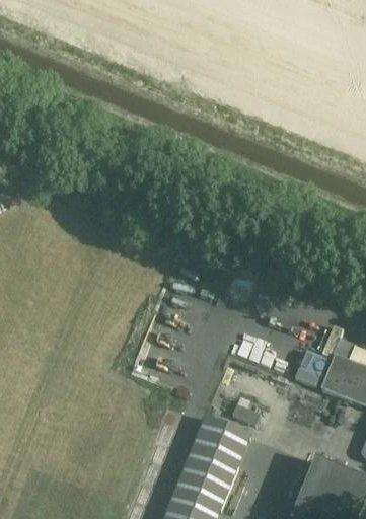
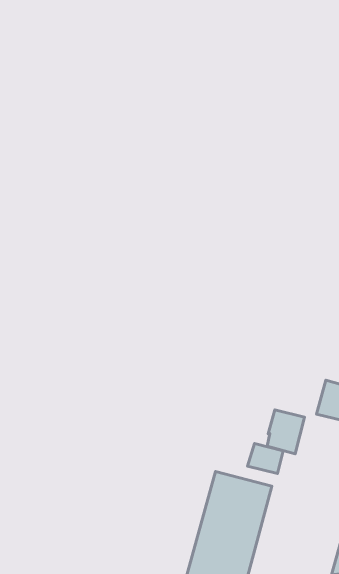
building: none -> [267,410,305,454]

